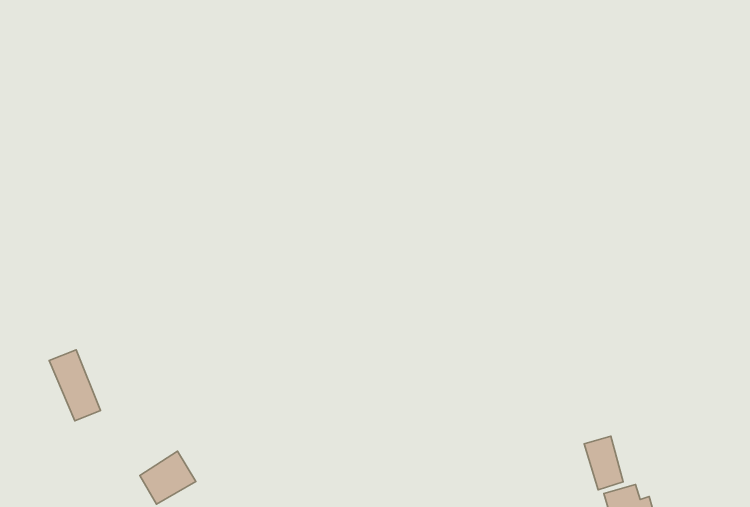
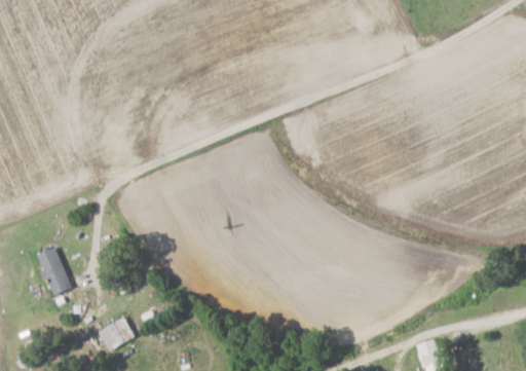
building: [584,436,623,490] -> none

